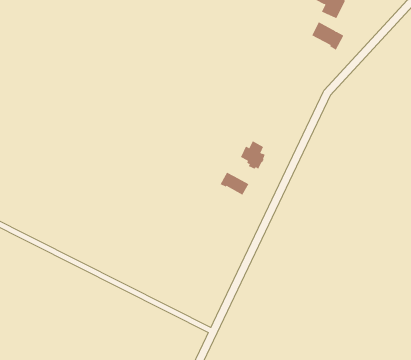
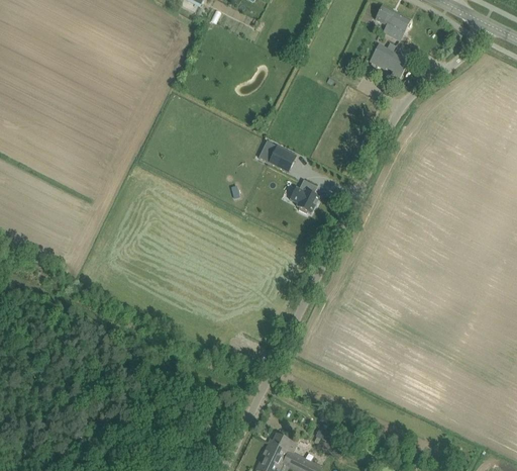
building: none -> [257,140,296,172]
building: [220,172,249,196] -> none

